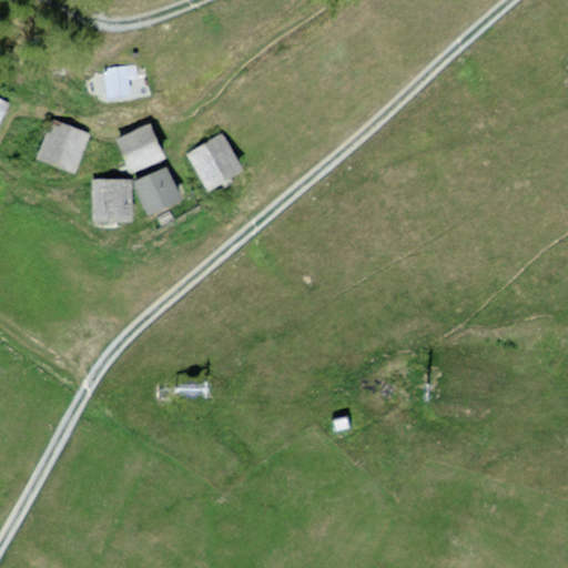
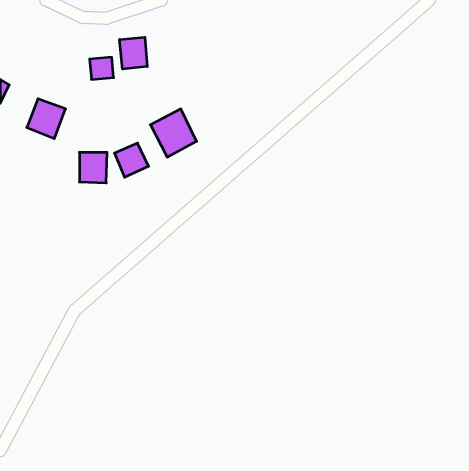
building: none -> [120,37,147,69]
building: [122,130,164,172] -> none

